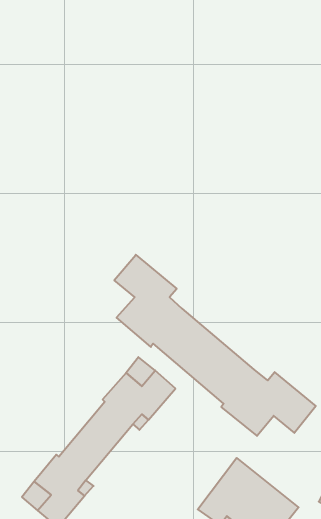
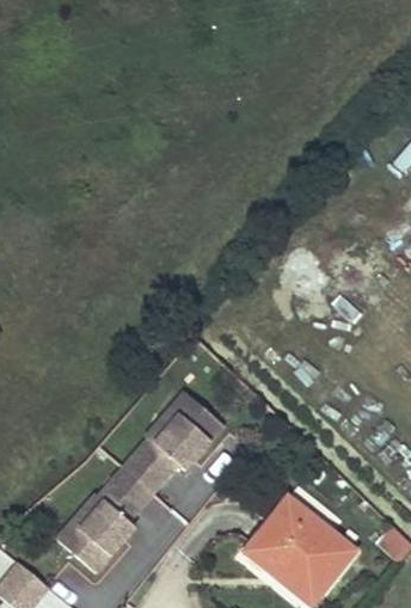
building: [114,255,316,436] -> none

